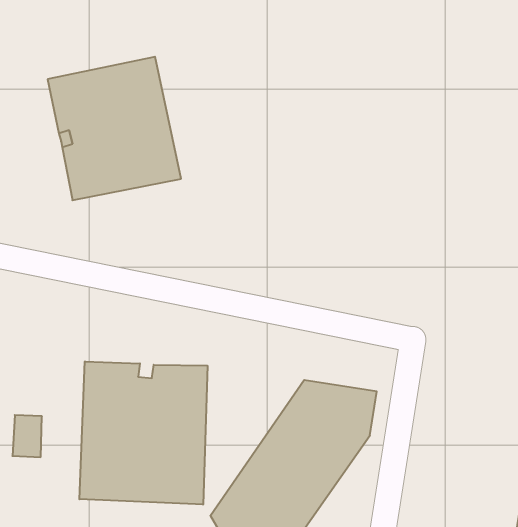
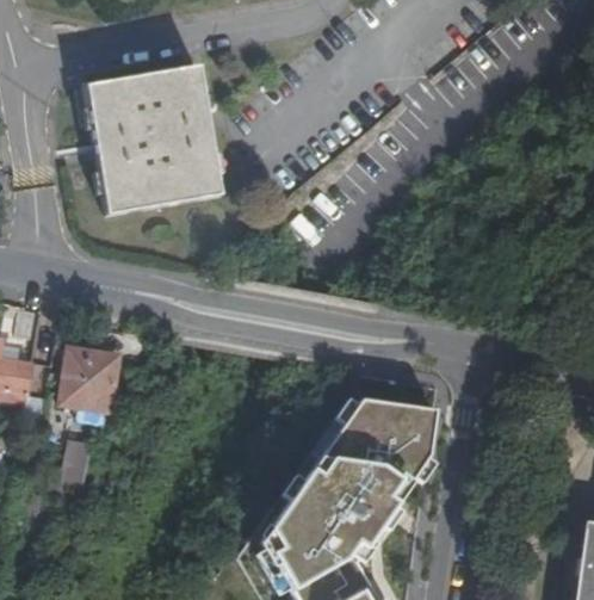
building: none -> [58,350,120,415]
building: [79,361,207,505] -> none

